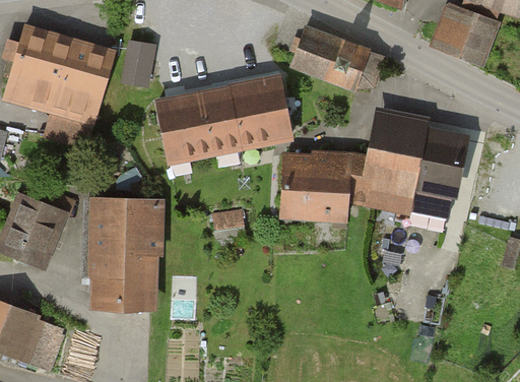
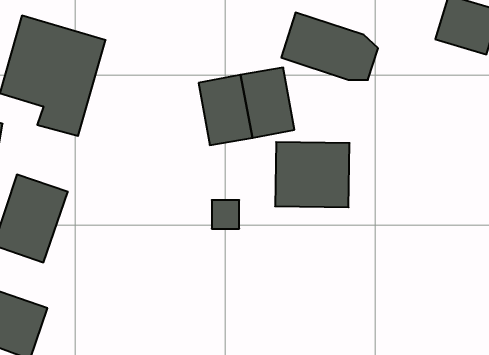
building: [120,43,153,88] -> none
building: [157,92,211,163] -> none
building: [353,112,465,222] -> none
building: [89,195,161,308] -> none

